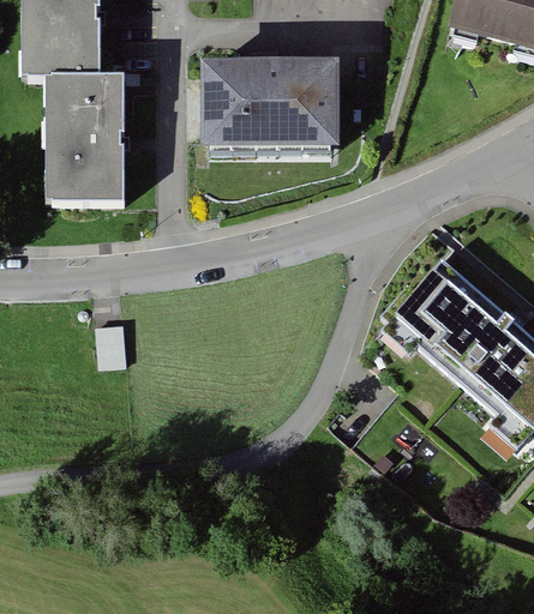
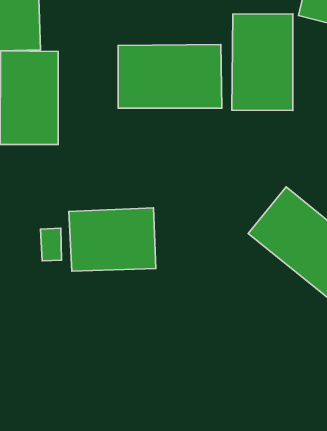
building: none -> [232,14,293,111]
building: none -> [69,208,156,271]

